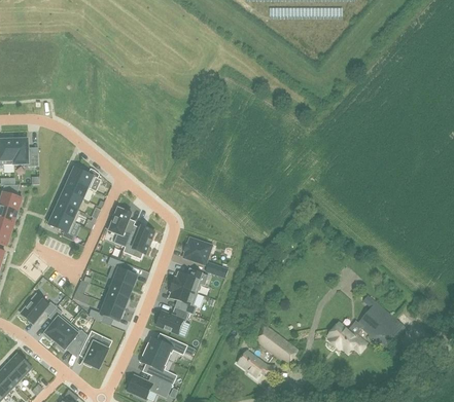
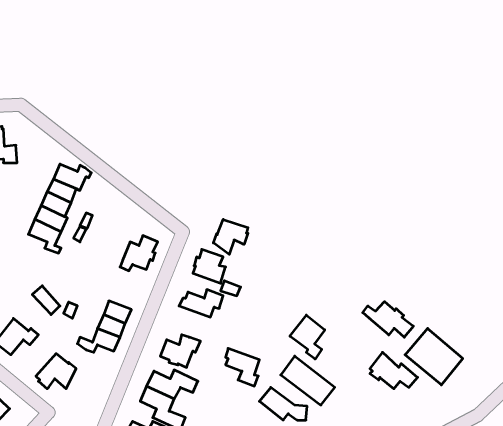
building: [107,207,131,246] -> none
building: none -> [213,219,248,254]
building: [106,256,136,286] -> none
building: none -> [363,302,413,337]
building: [169,283,197,314] -> [226,348,259,386]
building: none -> [290,315,325,359]
building: [42,306,70,340] -> none
building: [82,330,107,368] -> none

